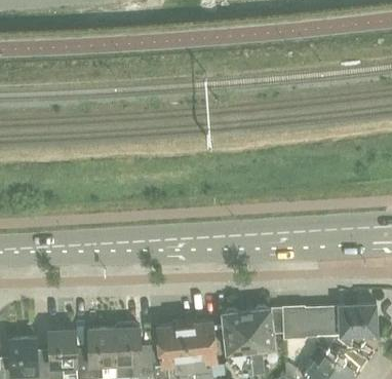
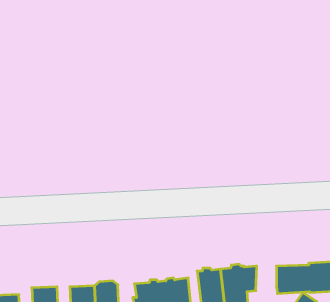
building: [282,306,305,339] -> none

